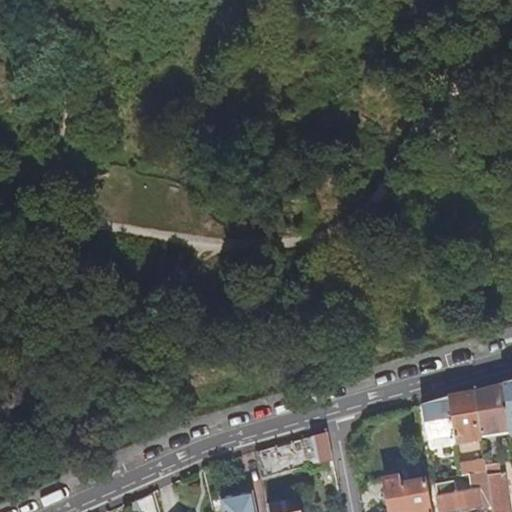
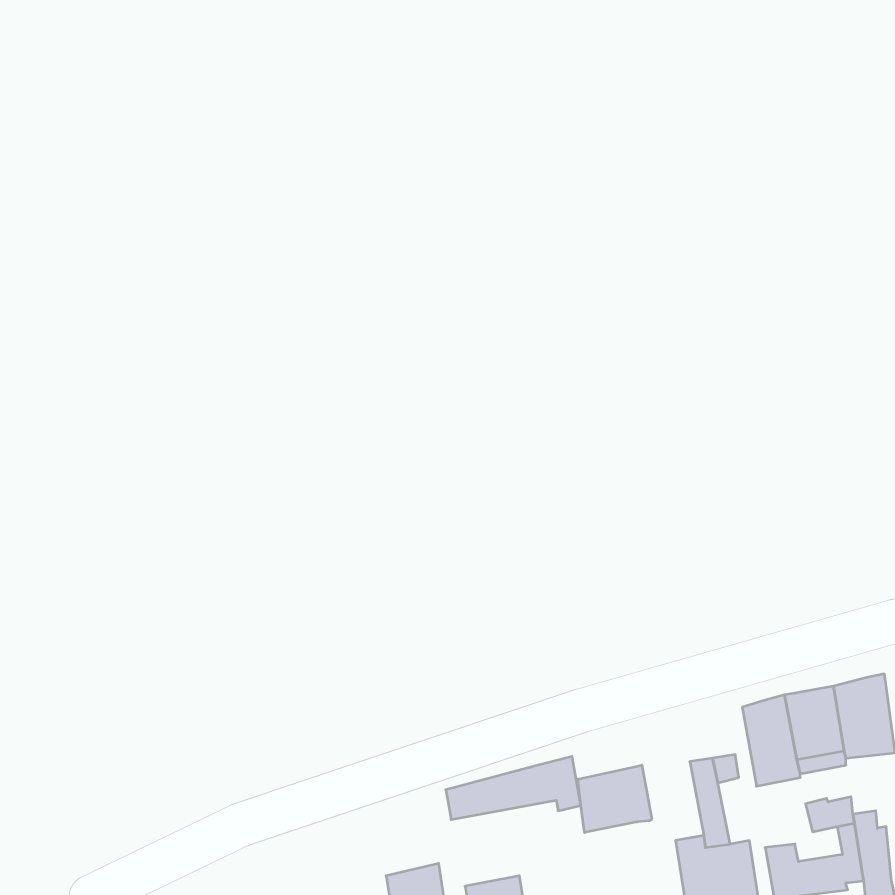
building: none -> [578,765,652,833]

